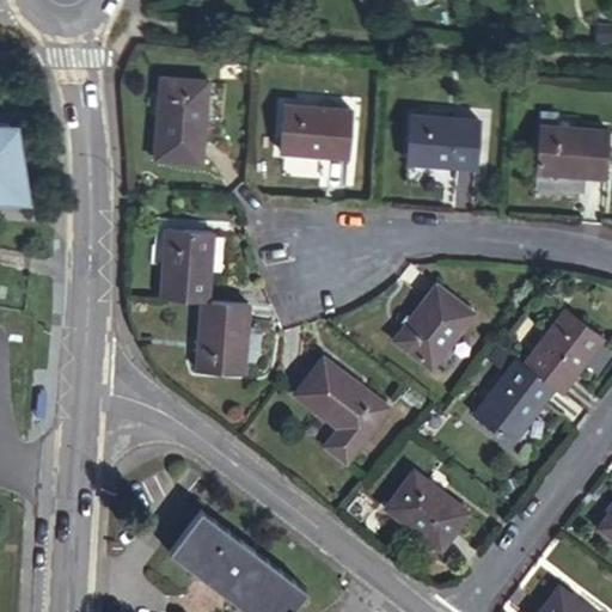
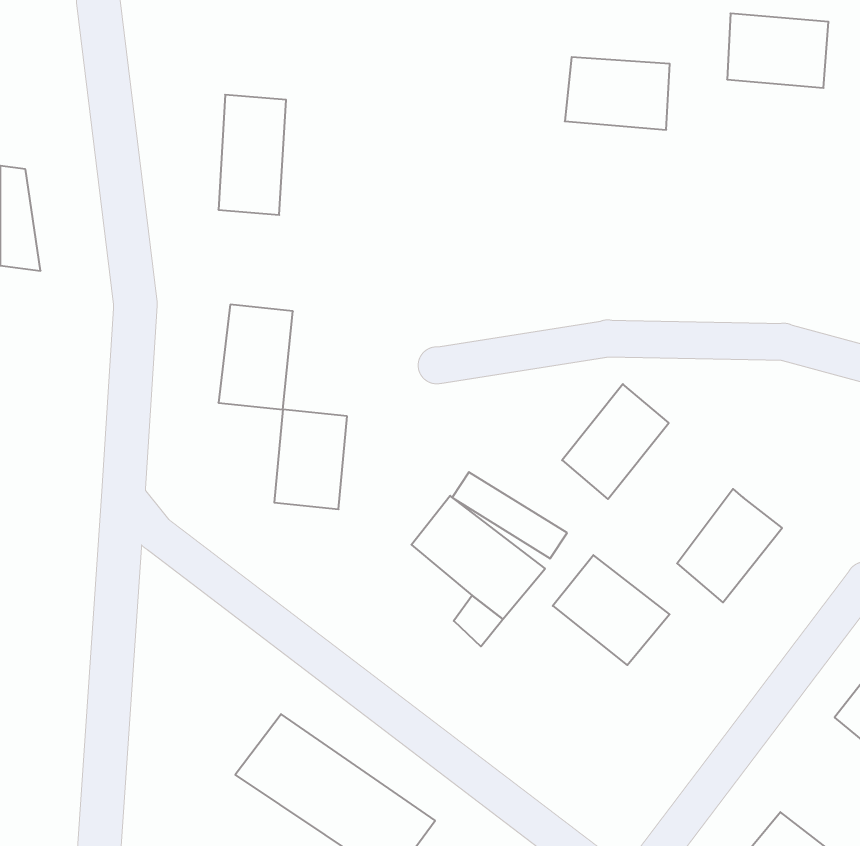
building: [277,104,348,158] -> none
building: [403,114,477,165] -> [565,57,670,130]
building: [533,123,605,176] -> [727,13,829,88]
building: [528,310,604,390] -> none
building: [385,476,467,553] -> [553,555,670,665]

